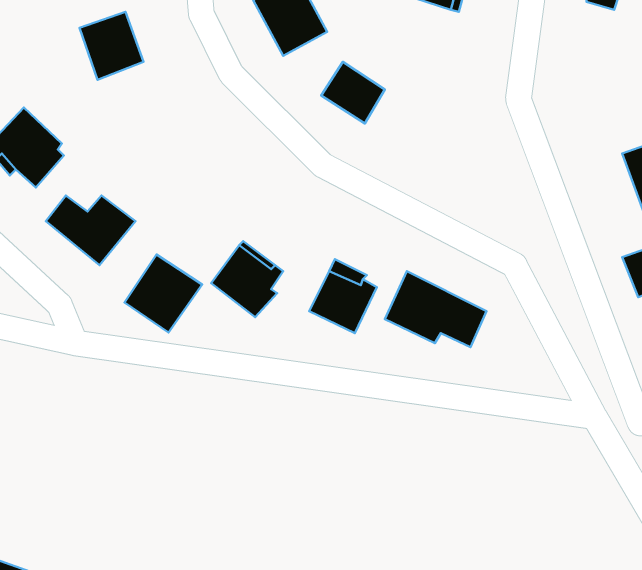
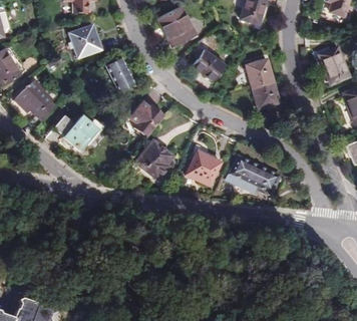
building: none -> [317,49,347,86]
building: none -> [109,55,137,89]
building: none -> [246,59,279,107]
building: [124,255,202,332] -> [126,99,165,138]

